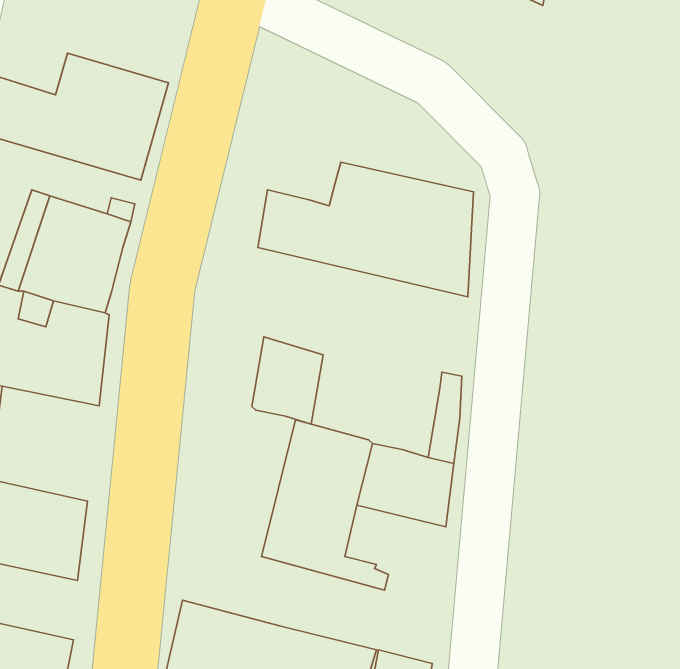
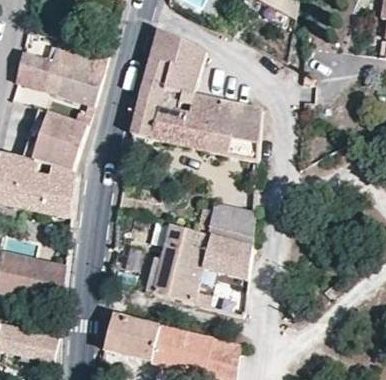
building: none -> [132,28,205,137]
building: [252,337,323,424] -> [207,199,243,243]

